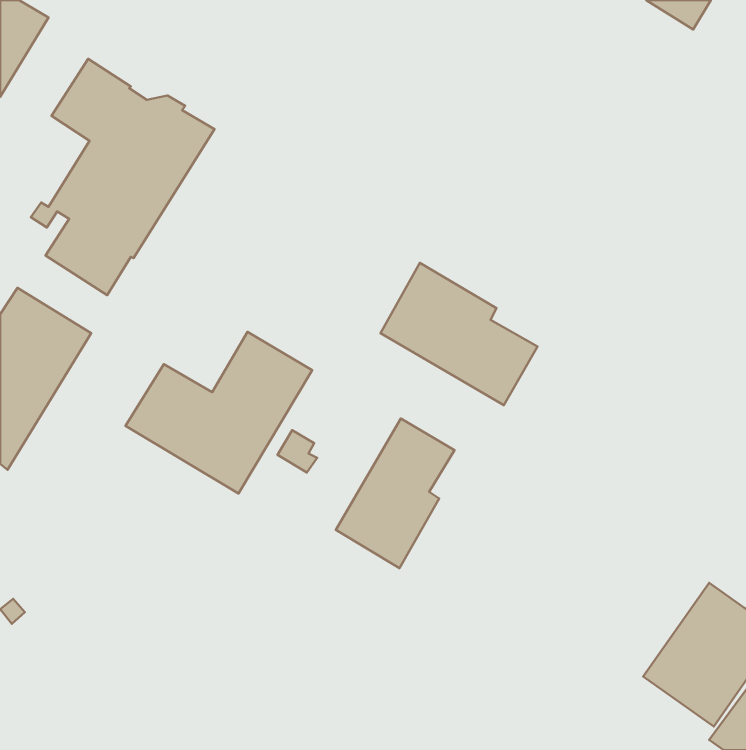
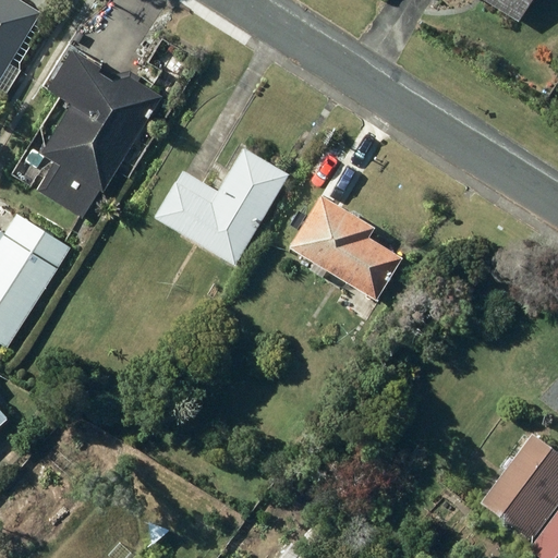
building: [126,332,312,493] -> [150,146,289,266]
building: [336,418,454,568] -> none

